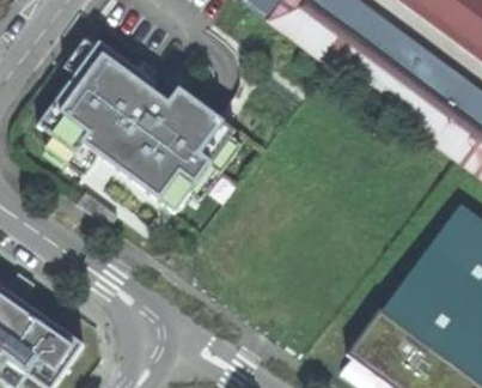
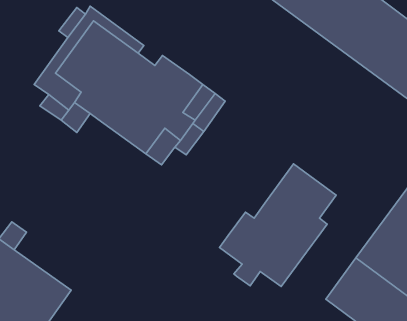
building: none -> [220,164,336,287]

